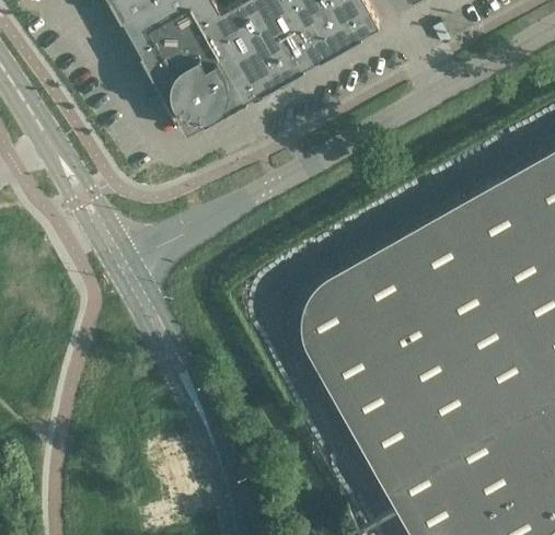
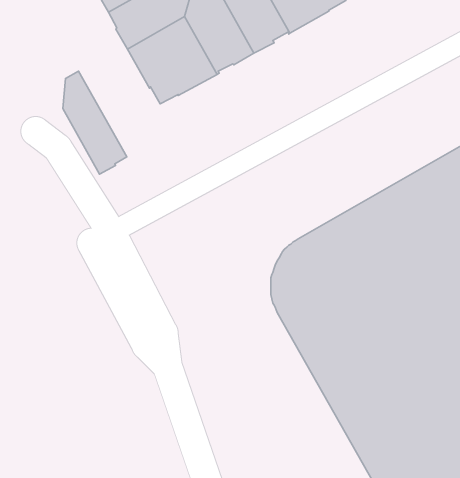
building: none -> [63,71,127,174]

